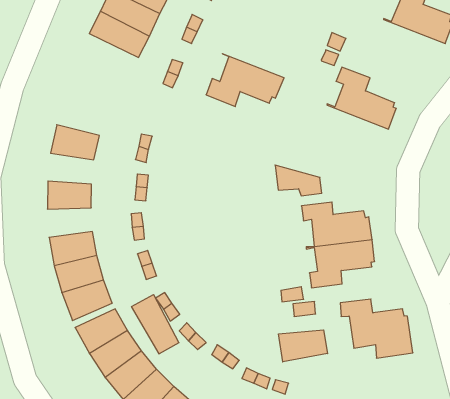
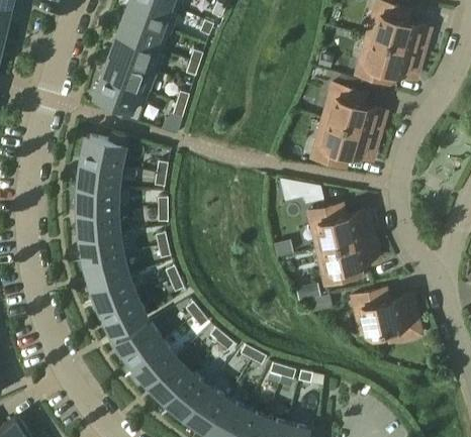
building: none -> [355,37,423,83]
building: none -> [94,76,149,122]
building: [206,54,284,107] -> [311,119,380,166]
building: none -> [81,132,126,167]
building: none -> [78,187,117,212]
building: none -> [80,232,122,262]
building: [132,295,179,354] -> none
building: [279,330,328,362] -> none

